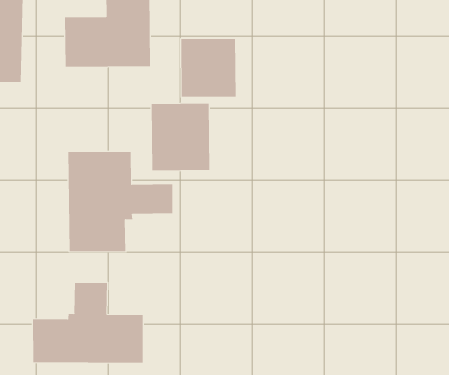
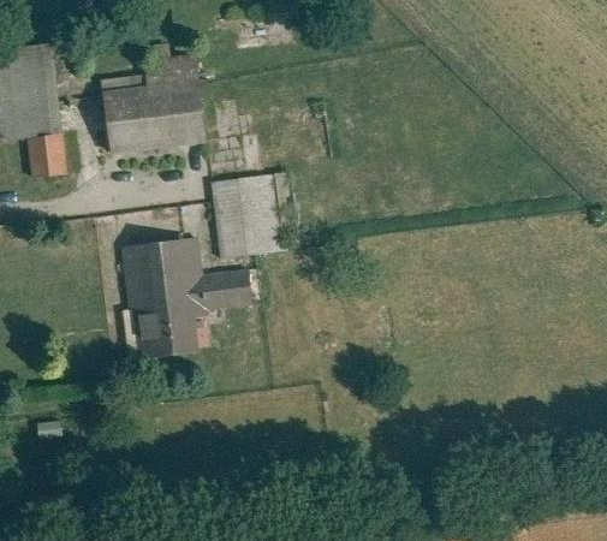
building: [181,38,236,98] -> none
building: [33,282,143,364] -> none

